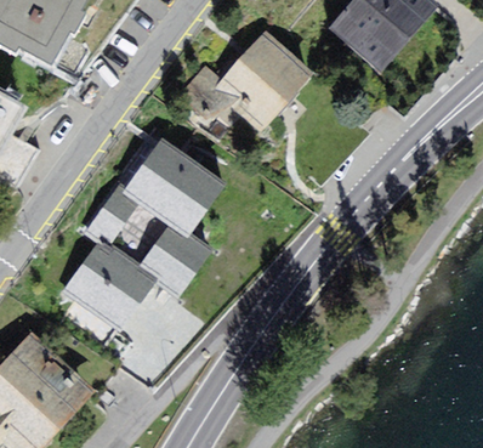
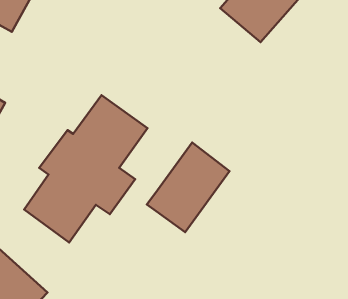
building: [172,30,317,134] -> none
building: none -> [147,143,230,232]

